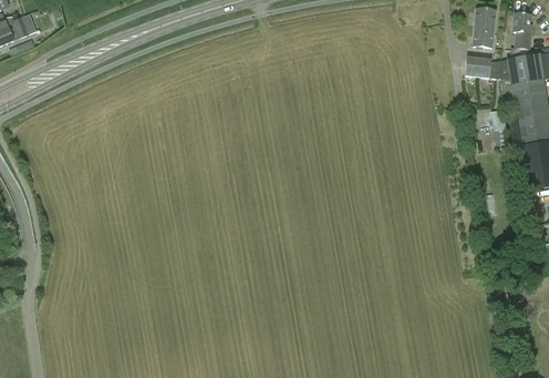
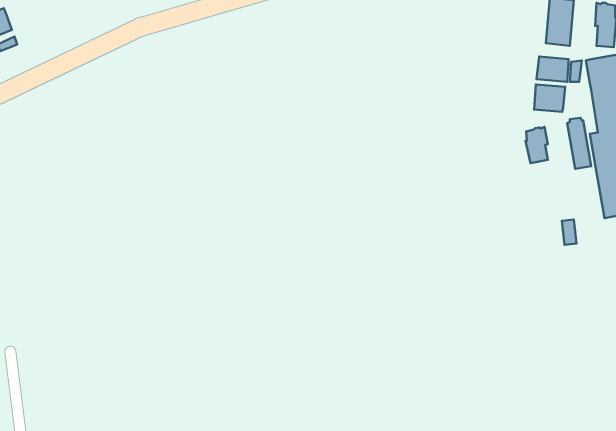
building: none -> [534,84,565,112]
building: none -> [526,127,548,163]

